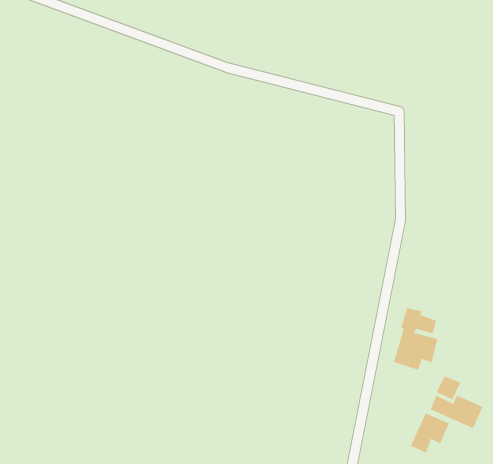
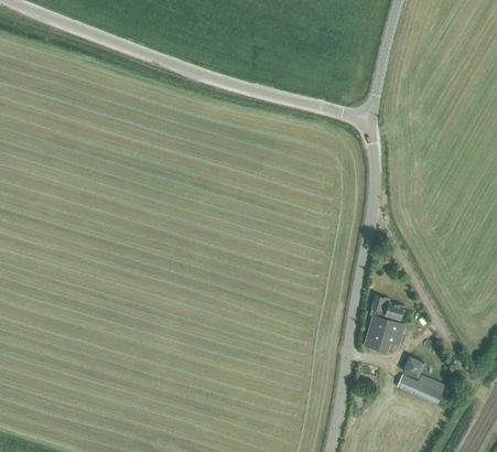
building: [410,413,449,454] -> none

